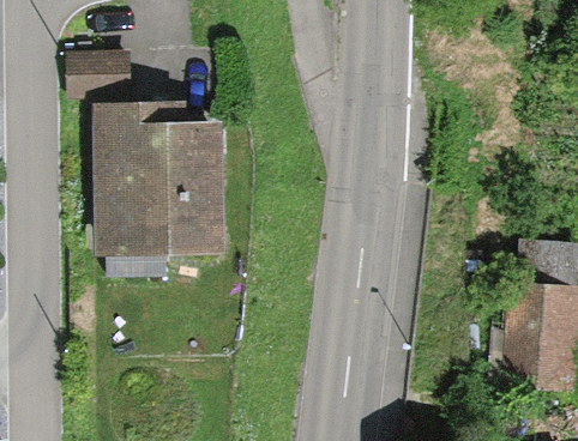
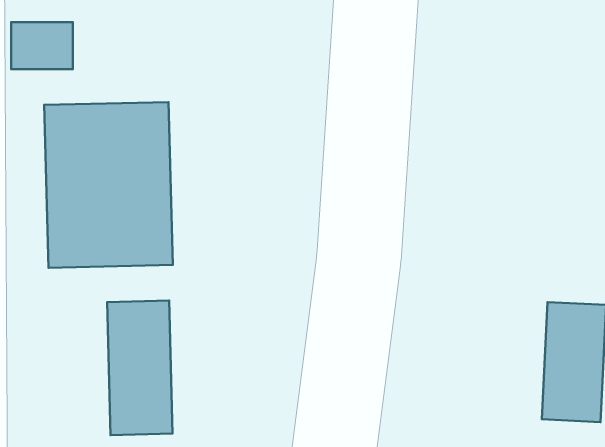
building: none -> [107,301,173,435]

